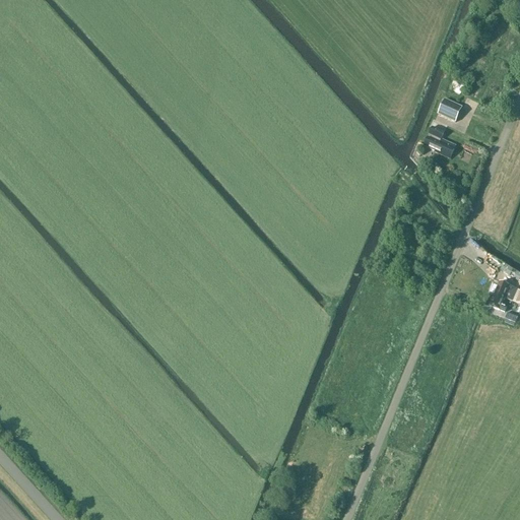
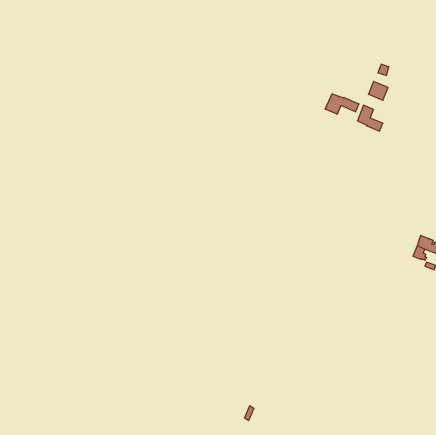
building: none -> [325,94,359,114]

